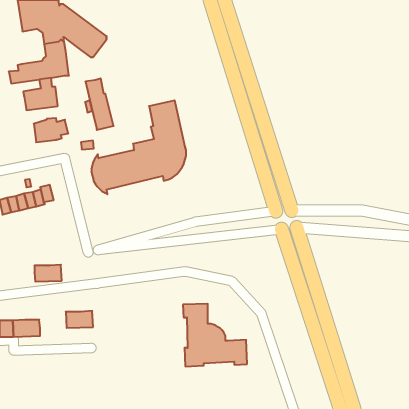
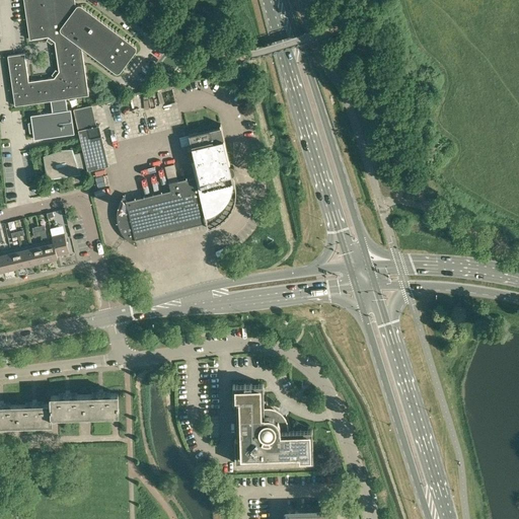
building: none -> [6,55,27,92]
building: [85,78,114,130] -> [72,106,107,171]
building: [34,265,62,282] -> [50,395,84,417]

